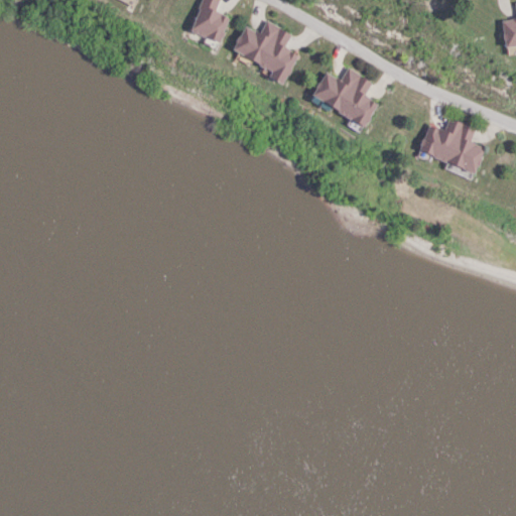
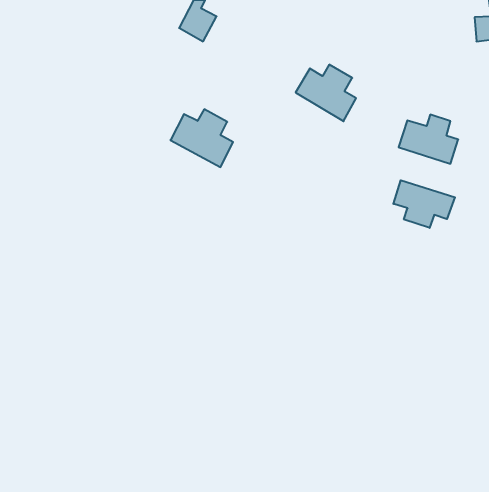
building: [232,20,297,81] -> [170,109,233,167]
building: none -> [393,180,455,228]

